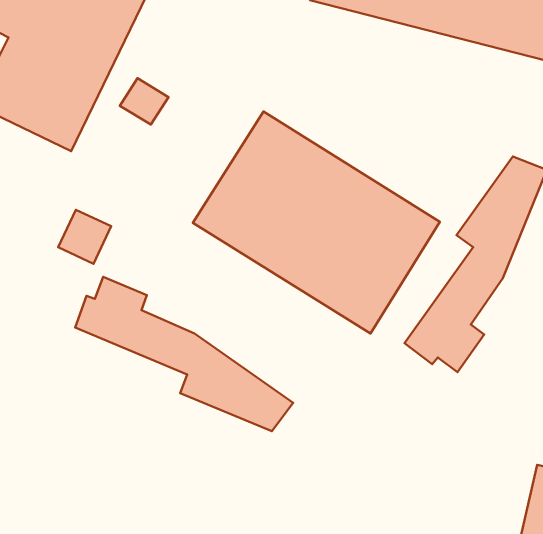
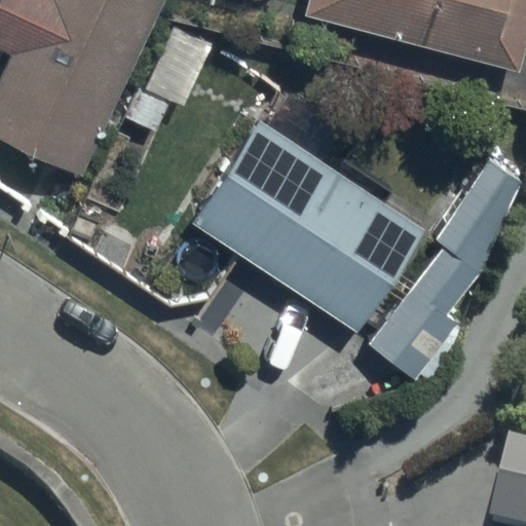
building: [75,277,293,431] -> none

